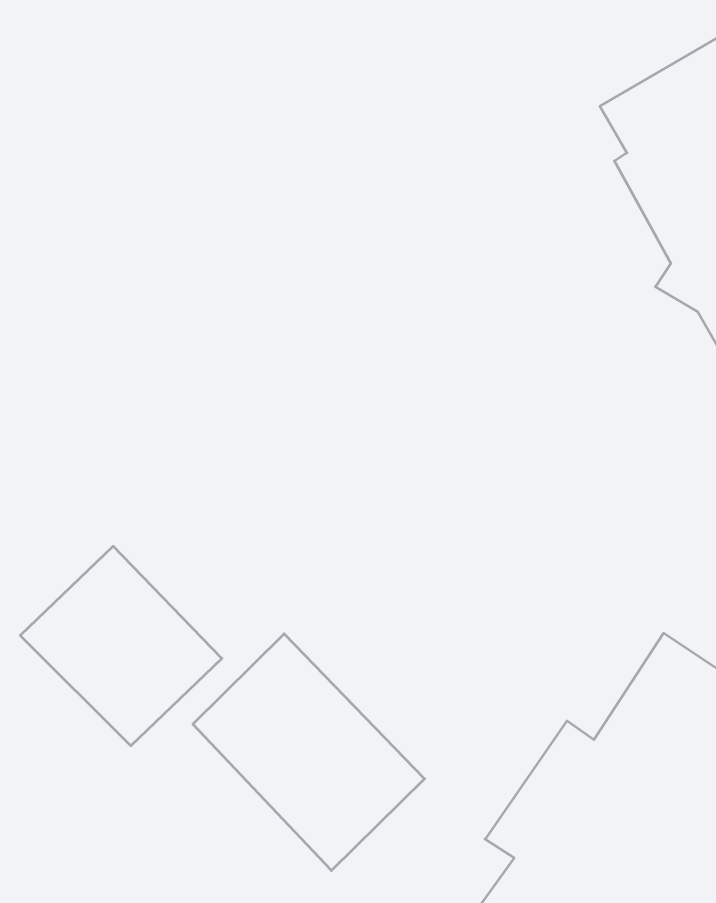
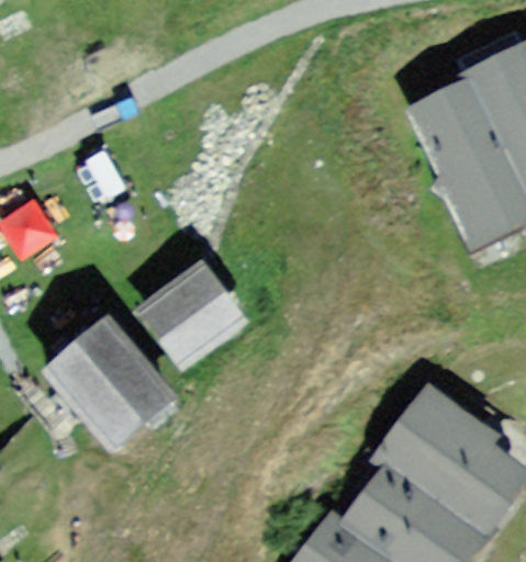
building: none -> [149,274,240,366]
building: [193,634,425,871] -> none

